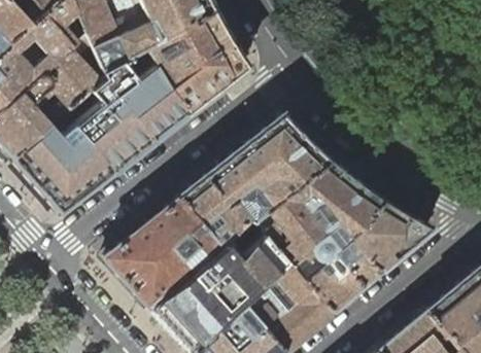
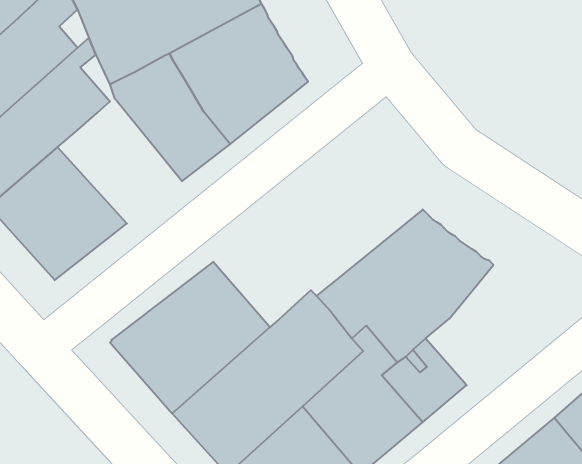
building: [66,78,157,170] -> none
building: [179,114,332,245] -> none
building: [334,200,433,287] -> none

